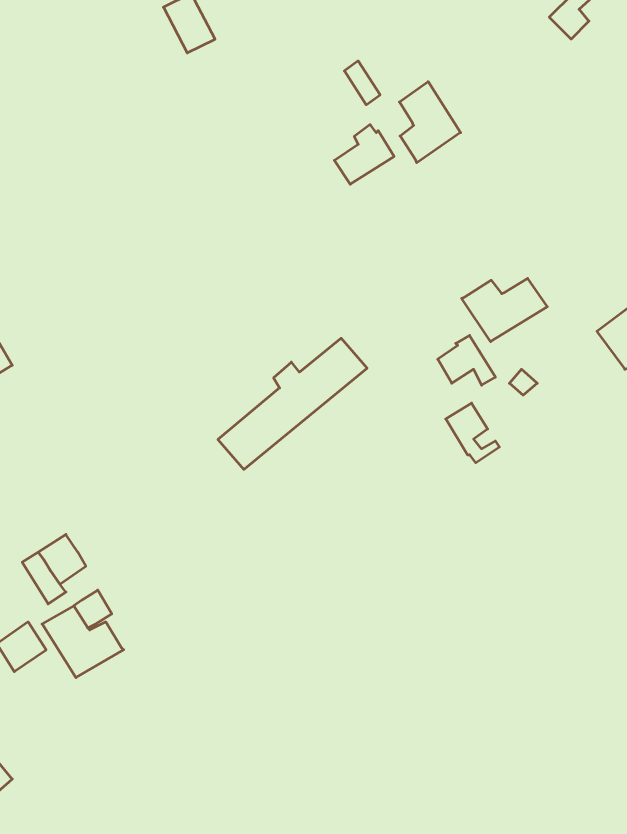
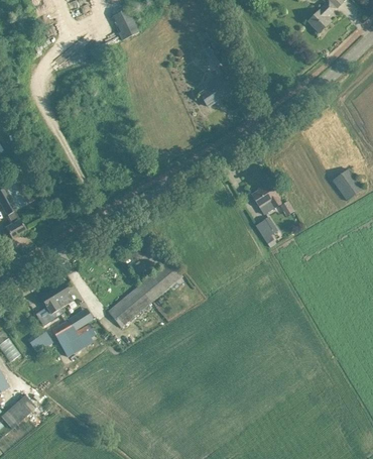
building: [399,82,461,163] -> none
building: [462,278,547,342] -> none
building: [218,338,367,469] -> [107,260,182,327]

